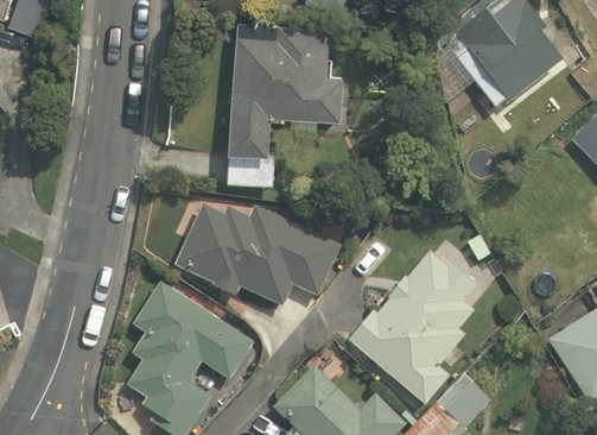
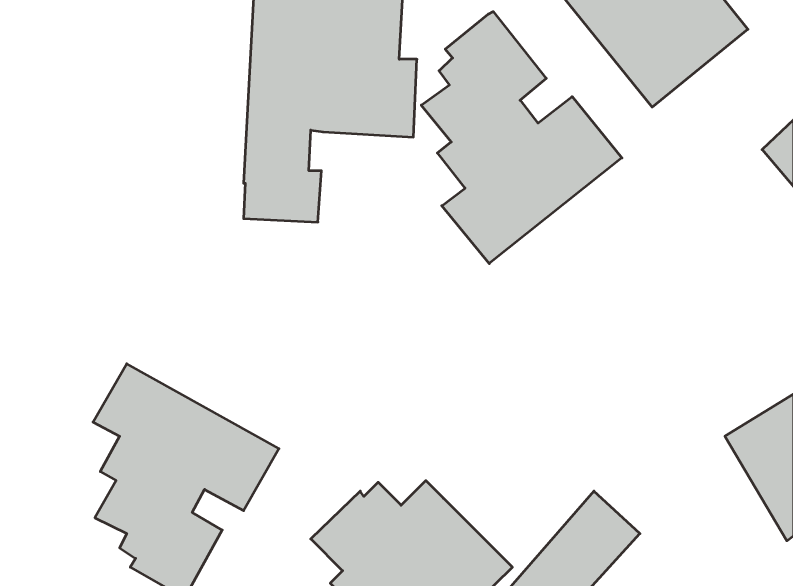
building: none -> [421,12,622,264]
building: [176,194,341,309] -> none
building: [349,232,497,404] -> none

